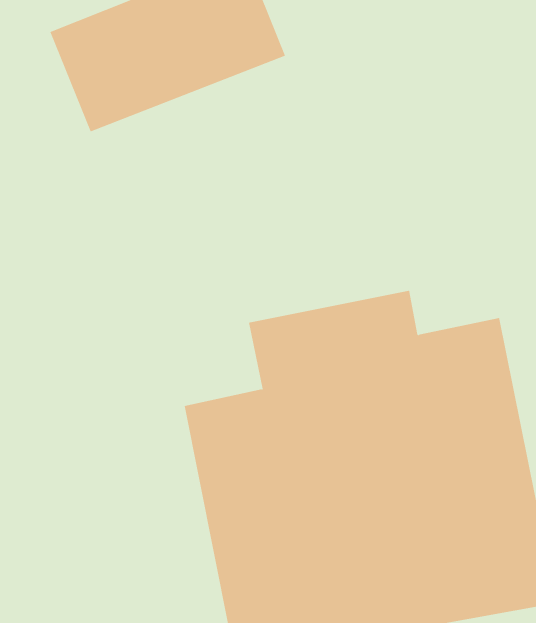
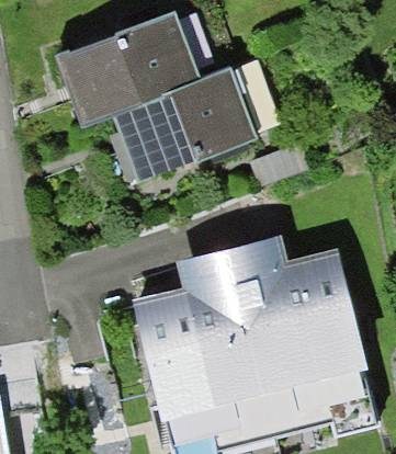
building: none -> [116,65,270,180]

